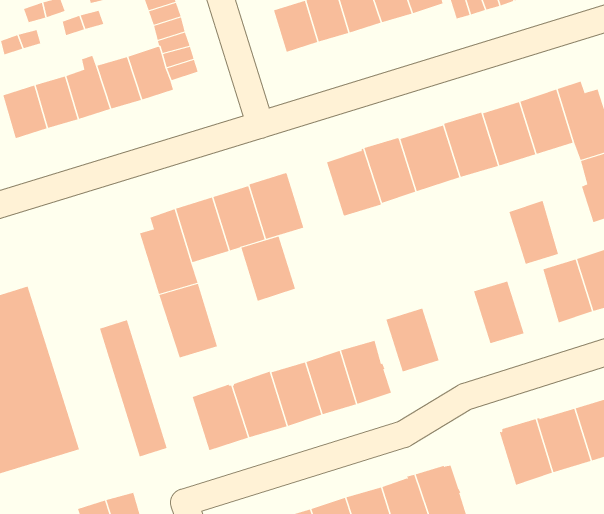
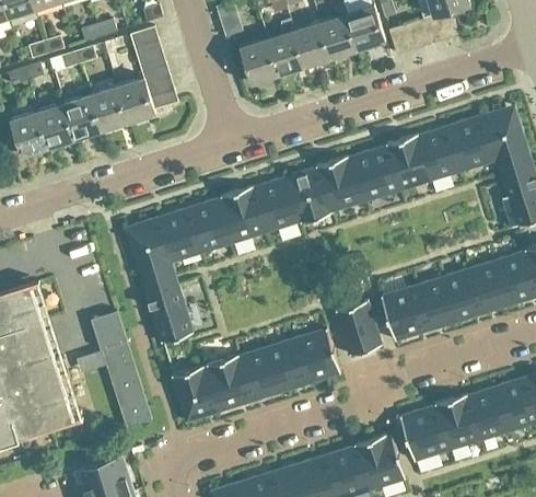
building: [508,200,559,265] -> [440,268,482,323]
building: [241,236,296,302] -> [253,177,300,233]
building: none -> [381,287,424,342]
building: none -> [399,406,446,462]

